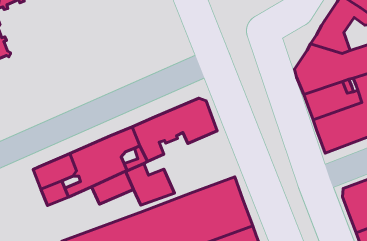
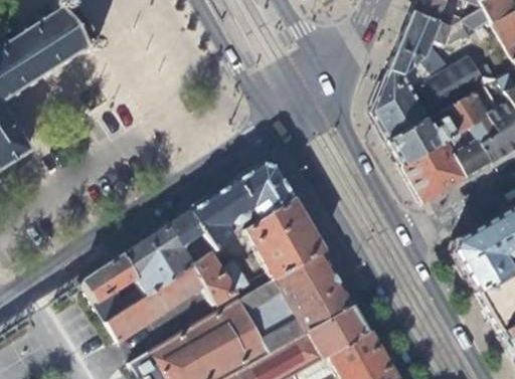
building: none -> [247,199,323,278]
building: none -> [107,291,168,342]

